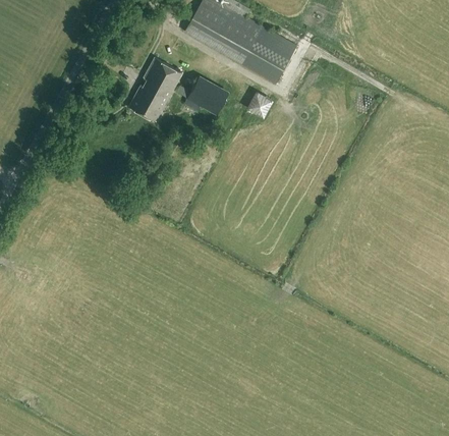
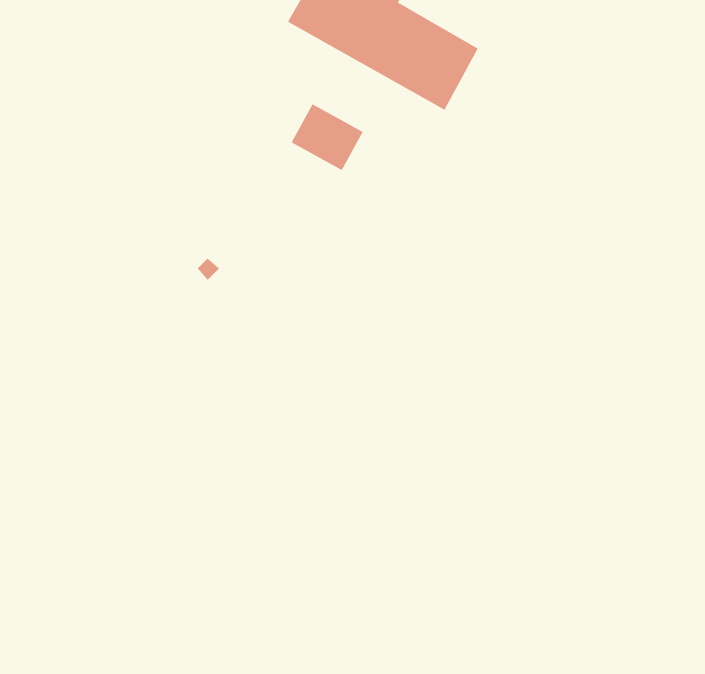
building: [128,58,181,121] -> none
building: [245,92,272,118] -> none

